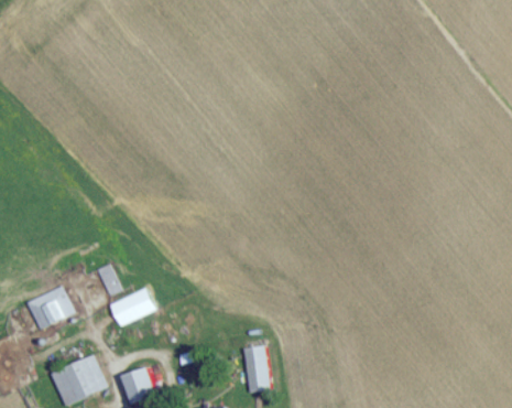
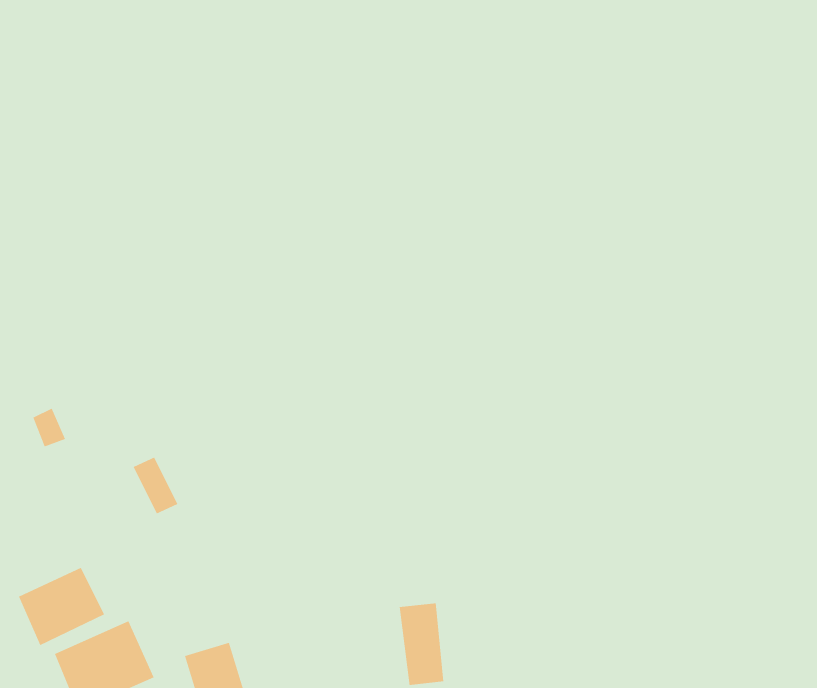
building: [26,286,75,330] -> [18,567,105,646]
building: [109,288,155,326] -> none

